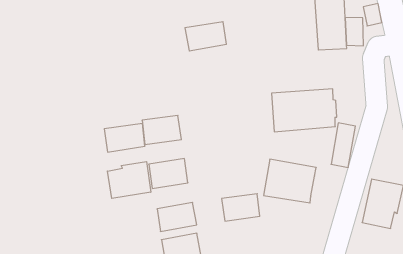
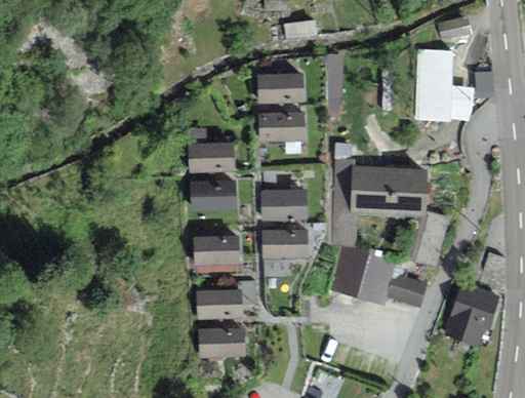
building: none -> [258,113,307,142]
building: none -> [260,188,307,221]
building: [104,124,145,152] -> [188,143,235,172]
building: [107,162,151,198] -> none
building: none -> [386,273,427,307]
building: [222,194,260,221] -> [261,229,306,257]

